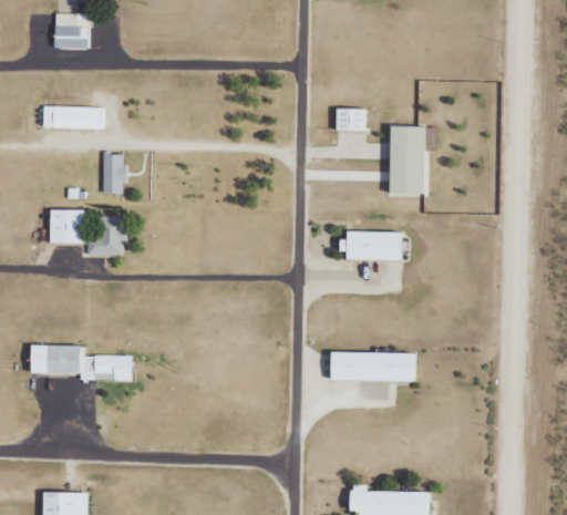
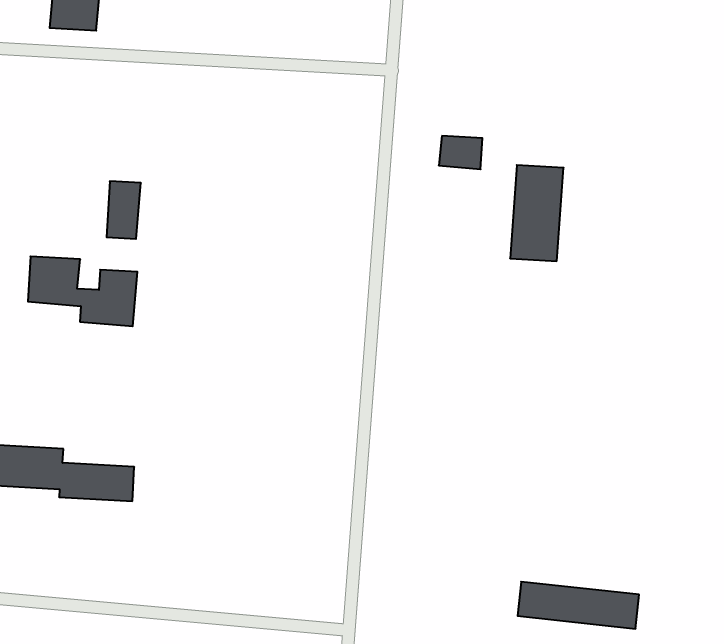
building: [43,105,104,128] -> none
building: [340,231,400,260] -> none
building: [333,351,419,380] -> [518,582,639,629]

